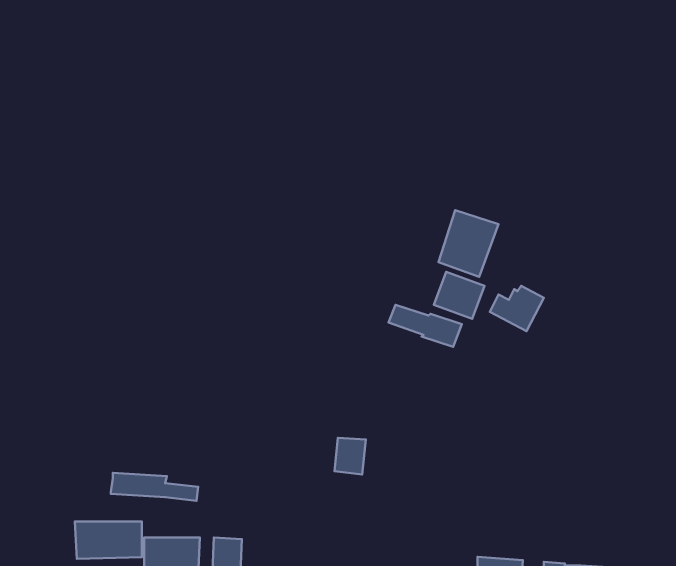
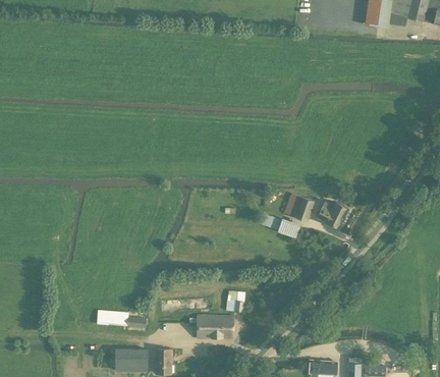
building: [439,210,498,277] -> none
building: none -> [197,315,233,338]
building: [75,522,142,559] -> none

